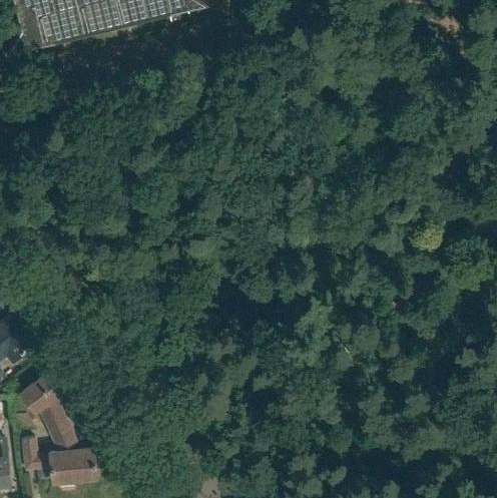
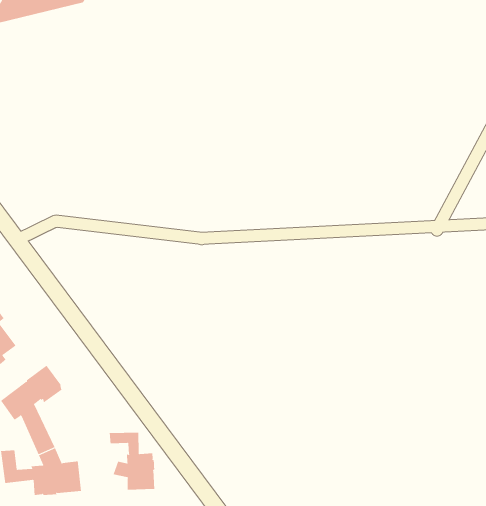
building: none -> [109,432,155,491]

